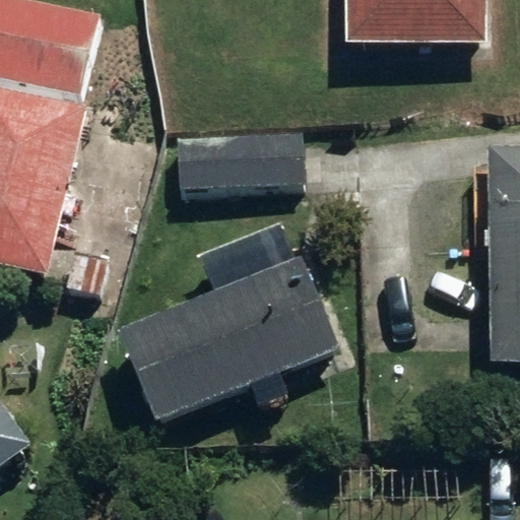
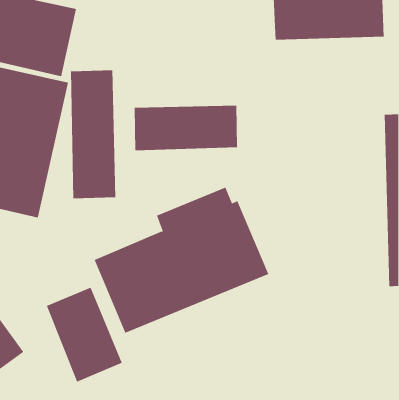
building: none -> [71,70,116,199]
building: none -> [46,287,122,382]

